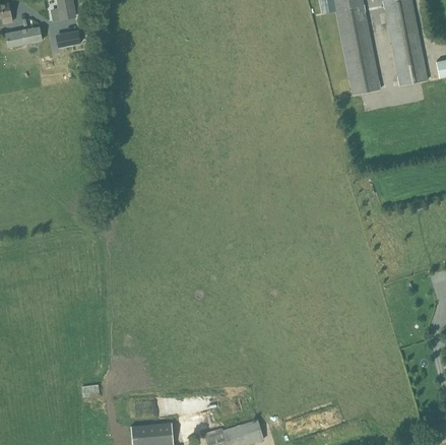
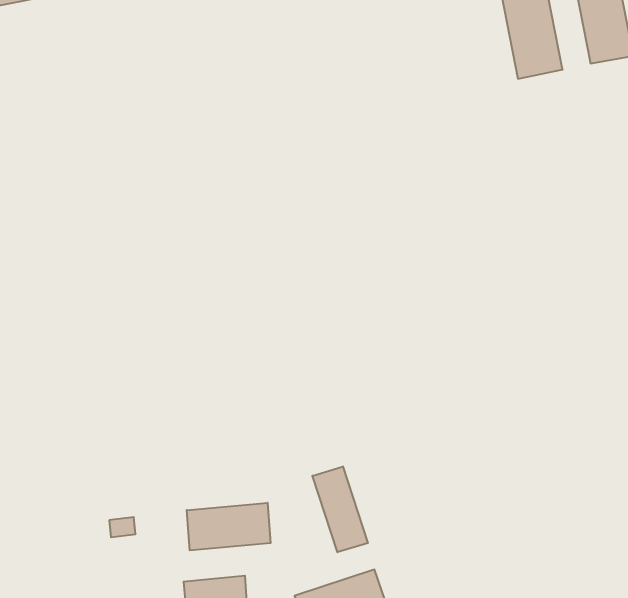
building: none -> [312,466,368,552]
building: none -> [187,503,271,550]

